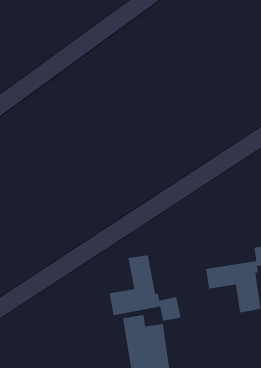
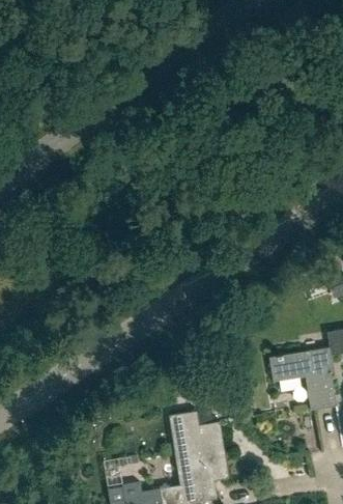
building: [109,255,182,322] -> none

